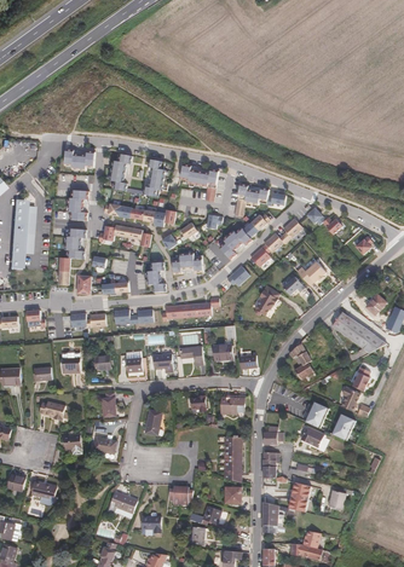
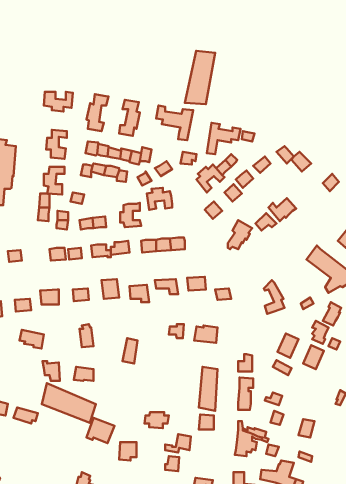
building: none -> [185,51,215,104]
building: none -> [42,383,96,423]

